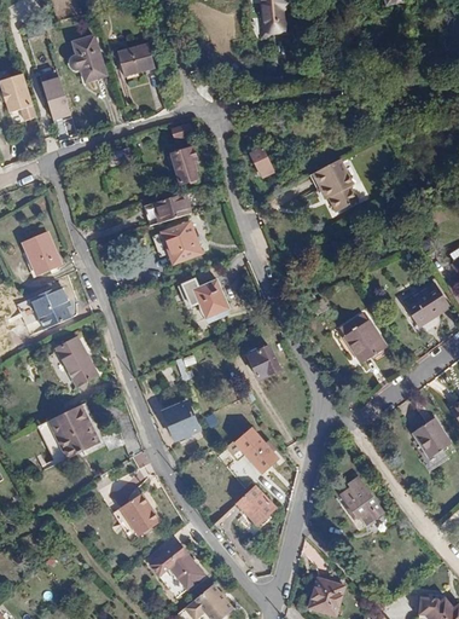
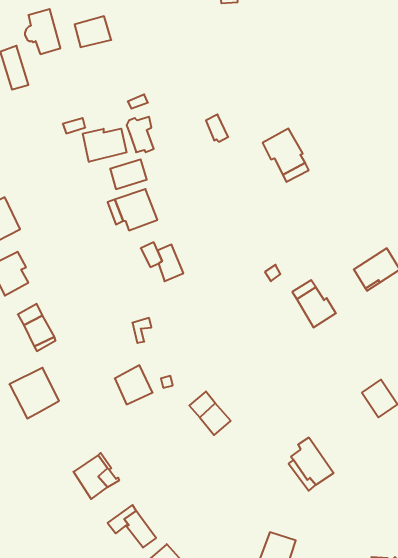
building: none -> [83,129,127,162]
building: [245,345,278,378] -> none
building: [236,486,274,525] -> none

